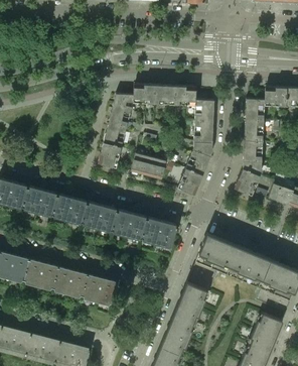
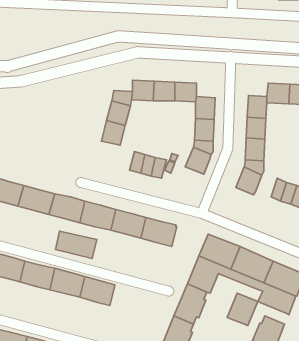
building: [99,143,122,168] -> none
building: [178,168,203,195] -> none
building: none -> [56,231,97,258]
building: none -> [227,293,258,326]

